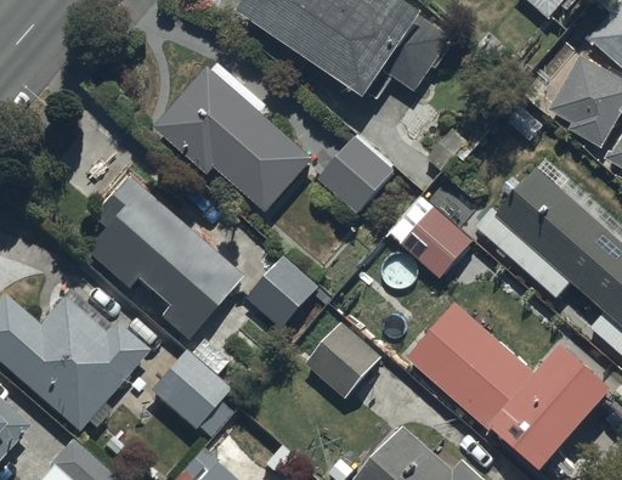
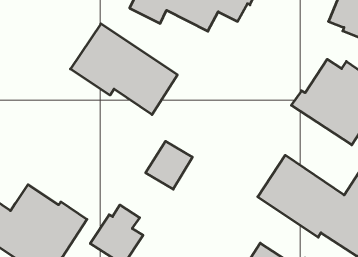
building: [316,134,397,215] -> none
building: [81,176,242,341] -> none
building: [390,196,473,279] -> none
building: [305,321,380,396] -> none

